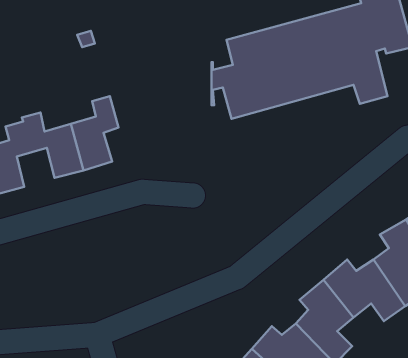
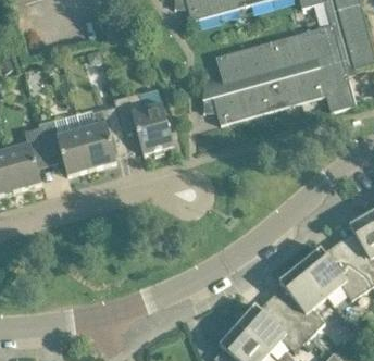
building: none -> [114,91,174,154]

